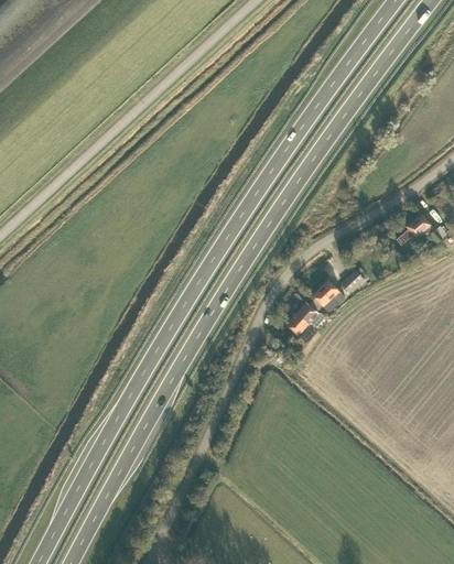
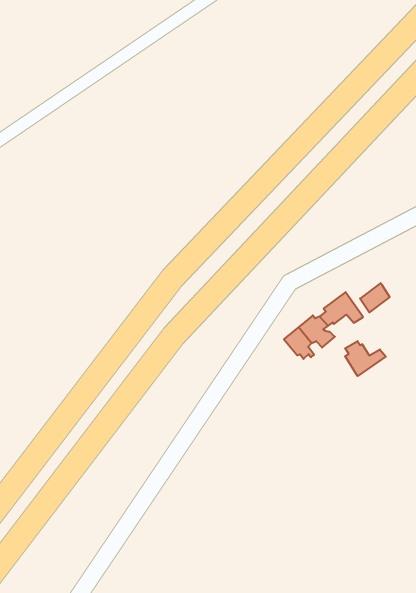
building: none -> [345,341,386,376]

